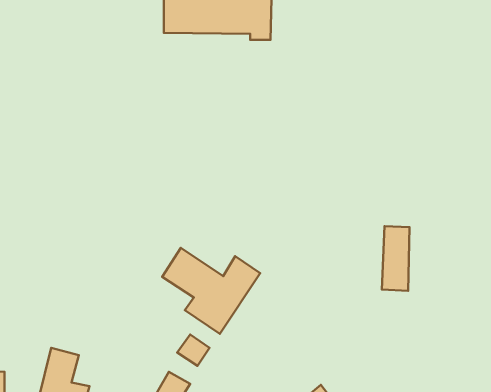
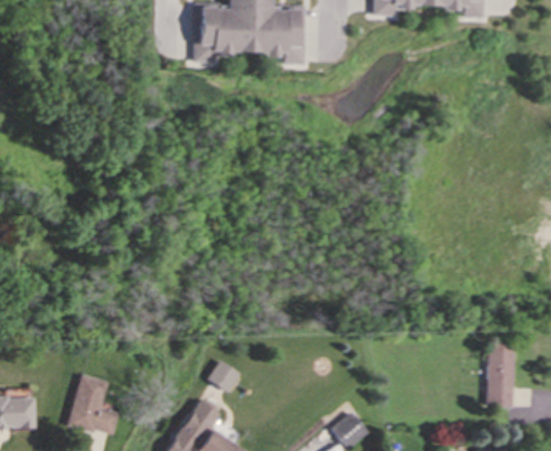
building: [382,226,410,291] -> [487,341,515,406]
building: [162,248,260,334] -> none

